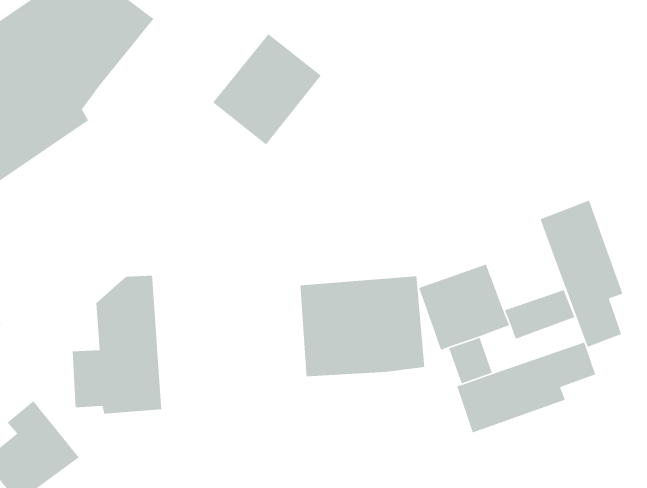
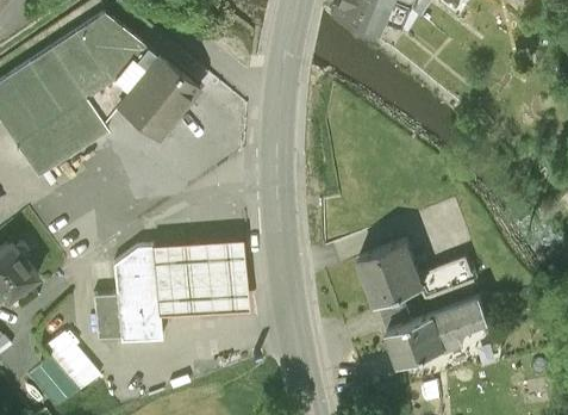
building: [212,33,322,146] -> [117,52,199,137]
building: [539,200,624,348] -> none
building: [300,275,425,377] -> [156,240,250,316]

